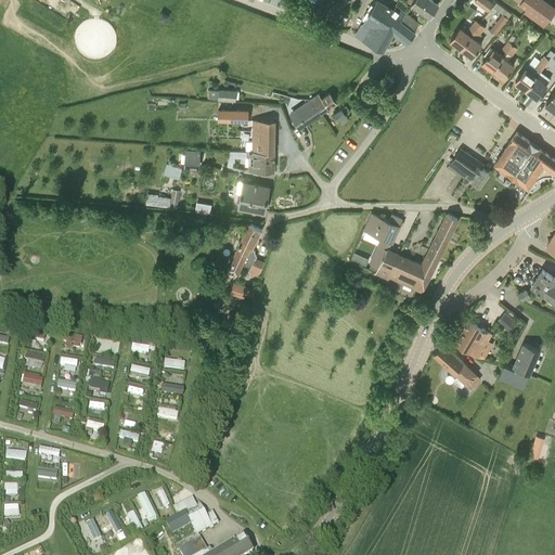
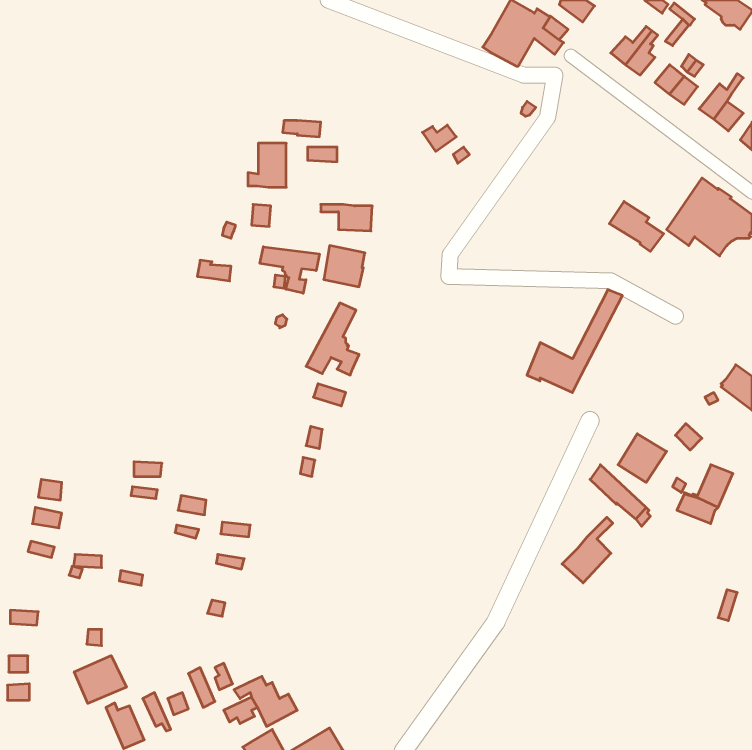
building: [289,99,321,128] -> none
building: [246,120,274,153] -> [248,143,286,187]
building: none -> [260,247,319,293]
building: [365,214,402,280] -> none
building: none -> [562,517,613,583]
building: none -> [74,656,126,703]

